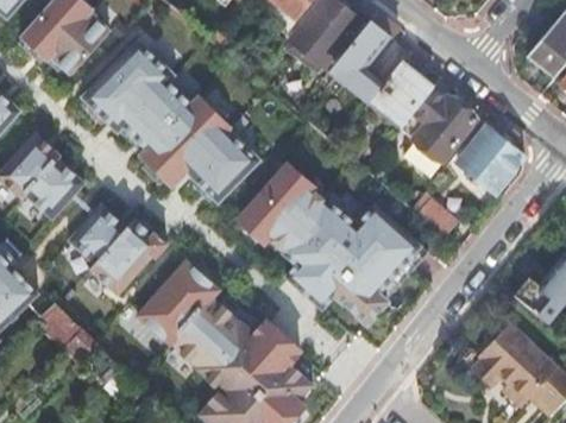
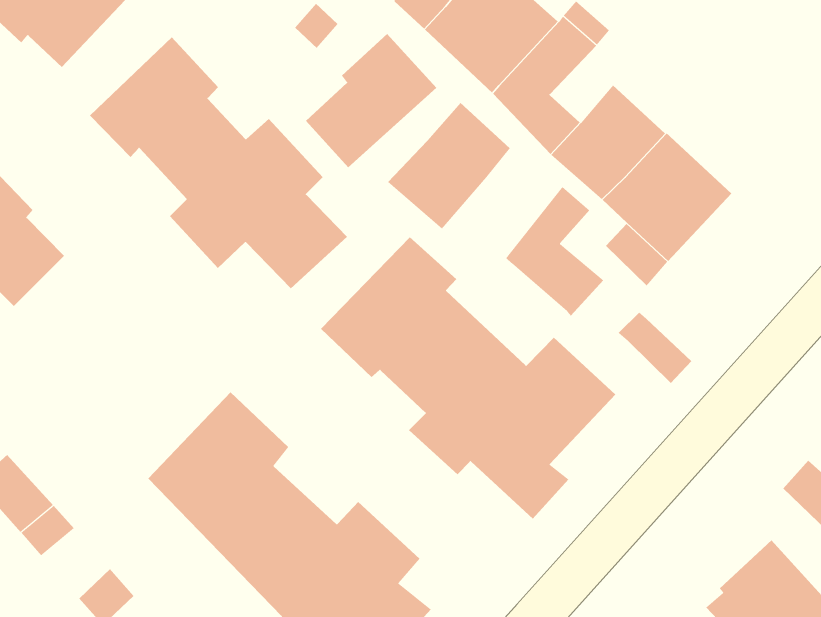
building: none -> [305,33,437,168]
building: none -> [387,102,510,229]
building: none -> [505,186,604,316]
building: [457,127,523,194] -> none
building: [67,201,165,292] -> none

